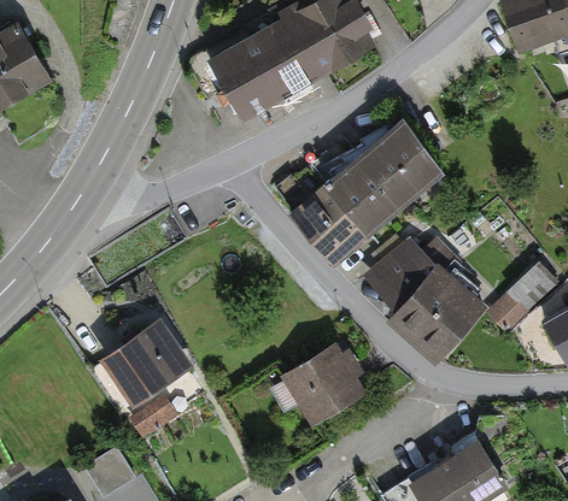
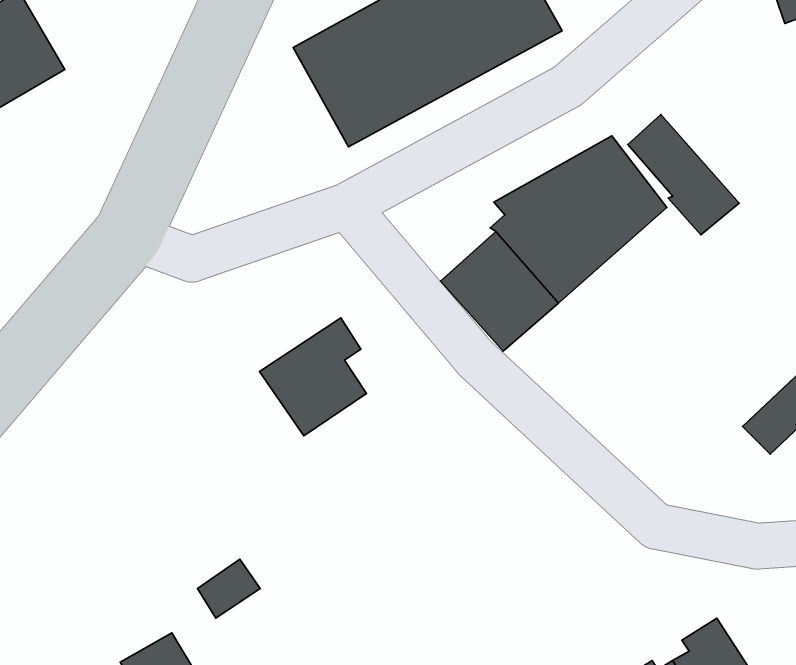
building: none -> [628,115,739,235]
building: [373,241,484,359] -> none
building: [107,323,177,400] -> [260,318,366,436]
building: [288,347,361,419] -> none

